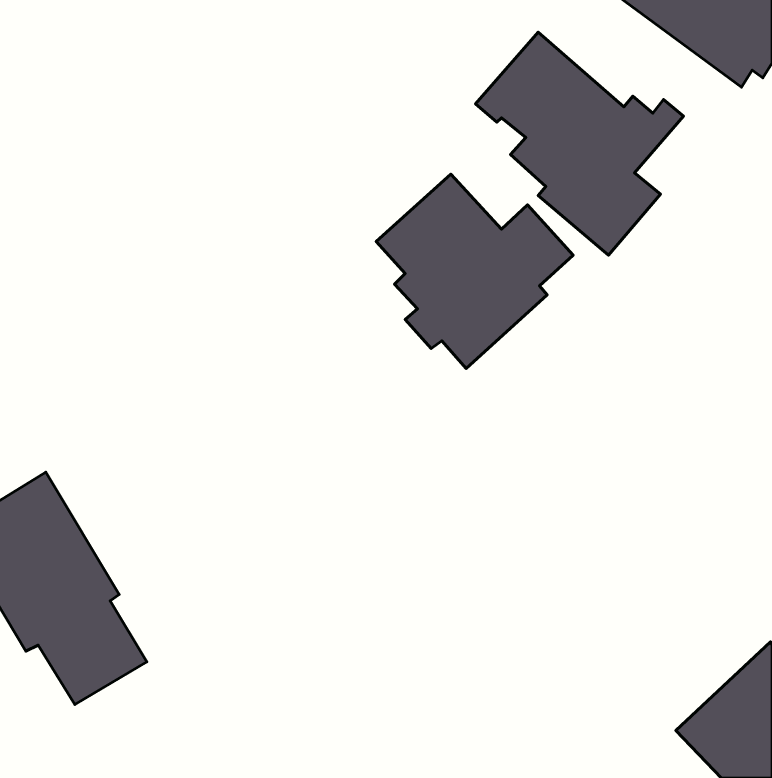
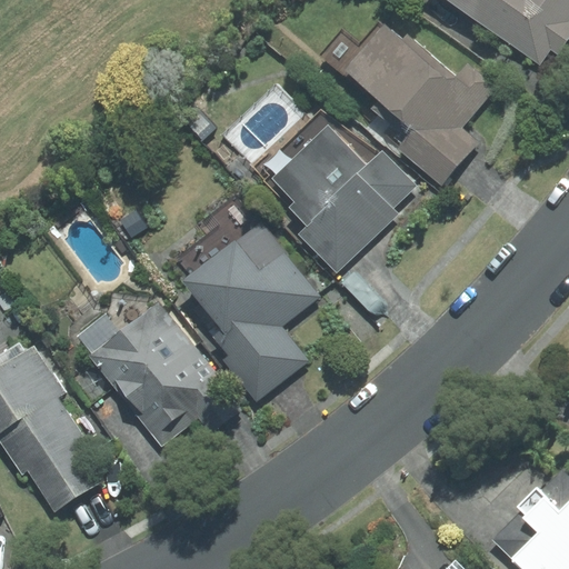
building: none -> [174,234,319,398]
building: none -> [89,301,240,439]

